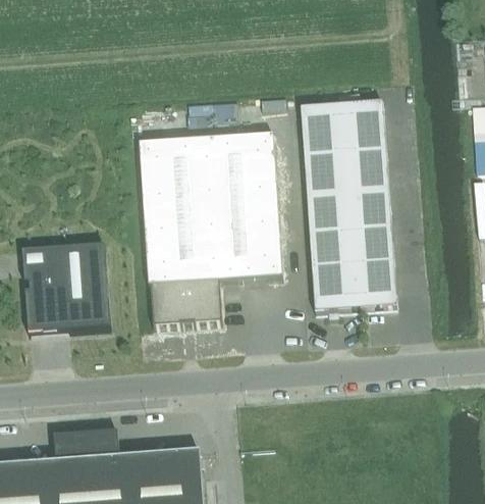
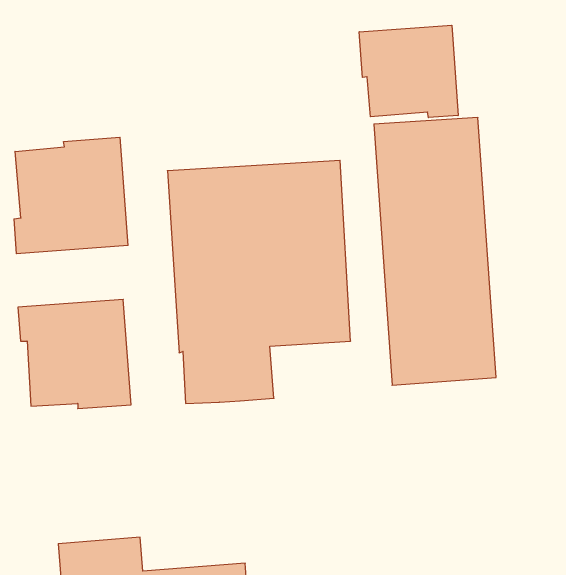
building: none -> [359,25,458,118]
building: none -> [14,137,128,254]

